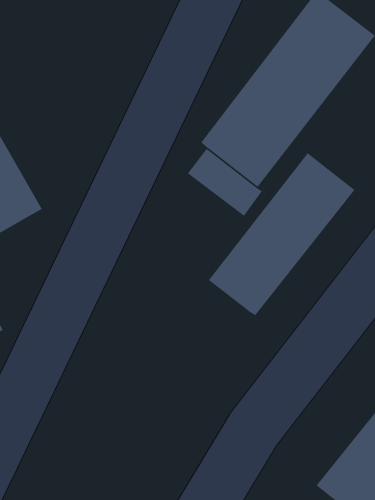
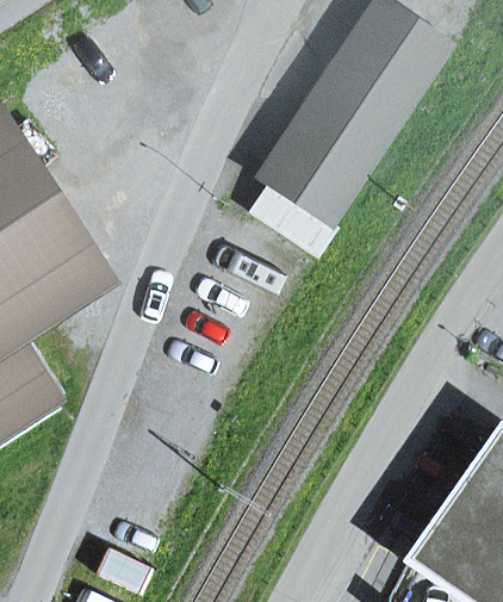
building: [208,152,355,316] -> none

